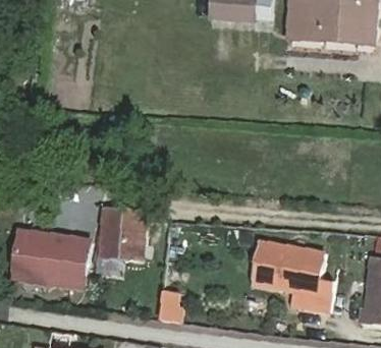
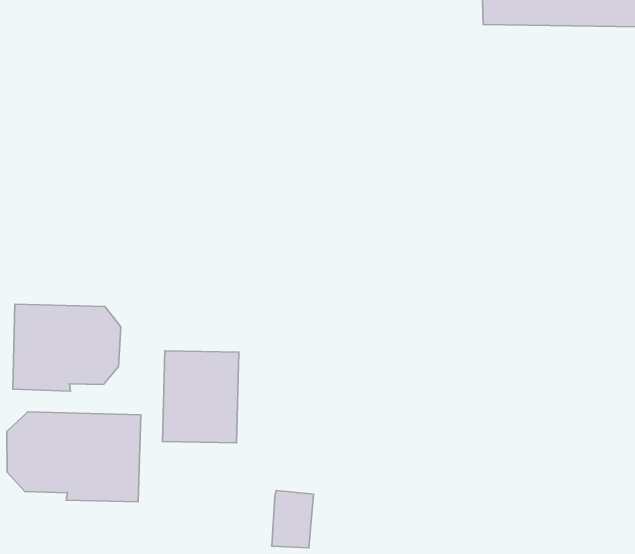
building: none -> [13,304,121,391]
building: [251,241,332,310] -> none

